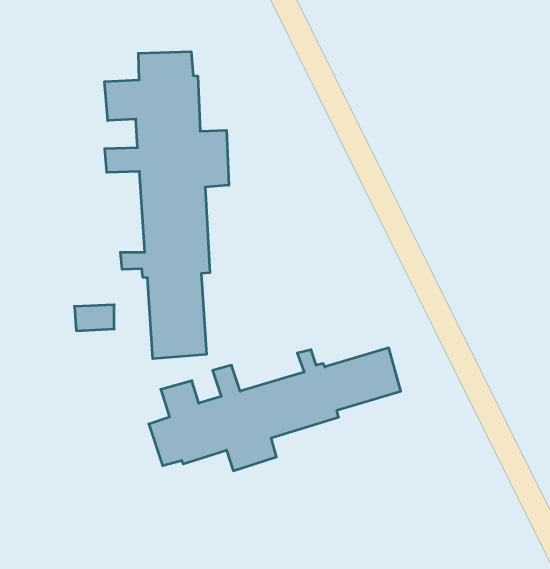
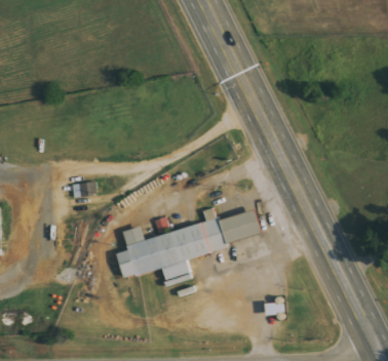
building: [105,52,229,359] -> none

